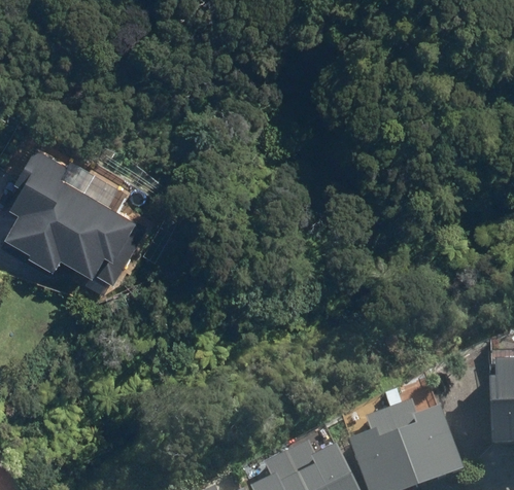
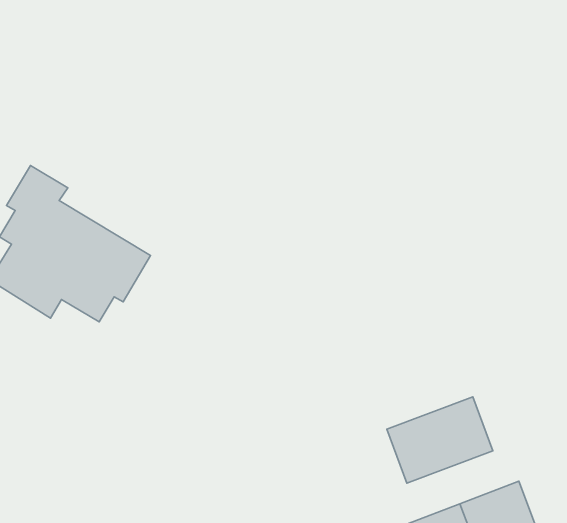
building: none -> [387,397,493,483]

